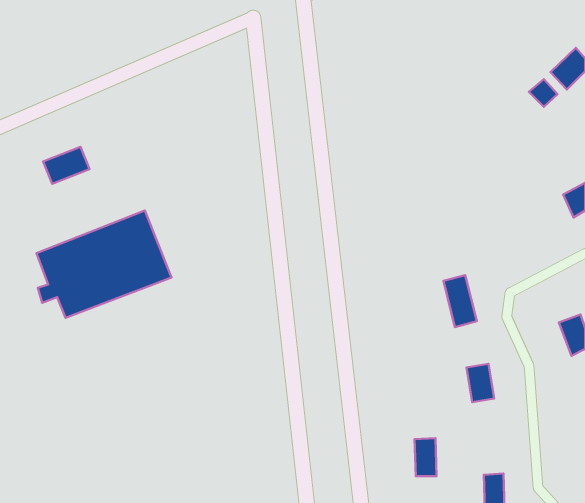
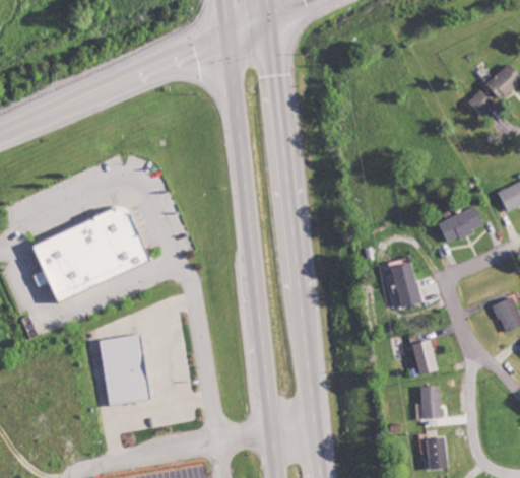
building: [43,147,90,184] -> none
building: none -> [437,205,483,243]
building: none -> [98,334,150,405]
building: [415,438,437,476] -> [420,385,440,418]

